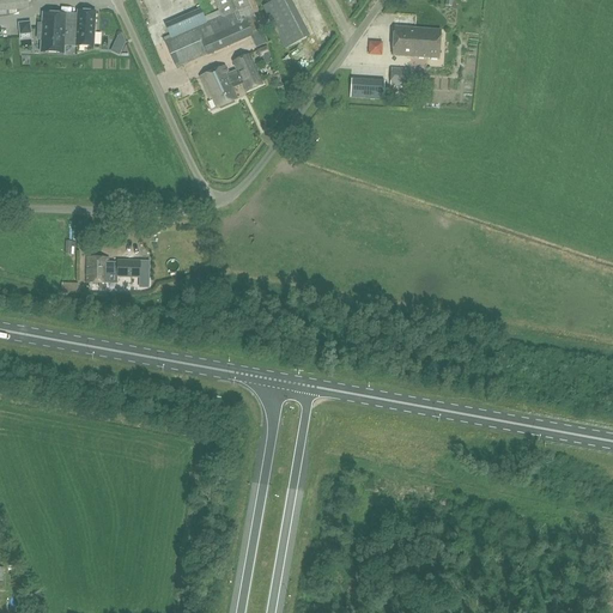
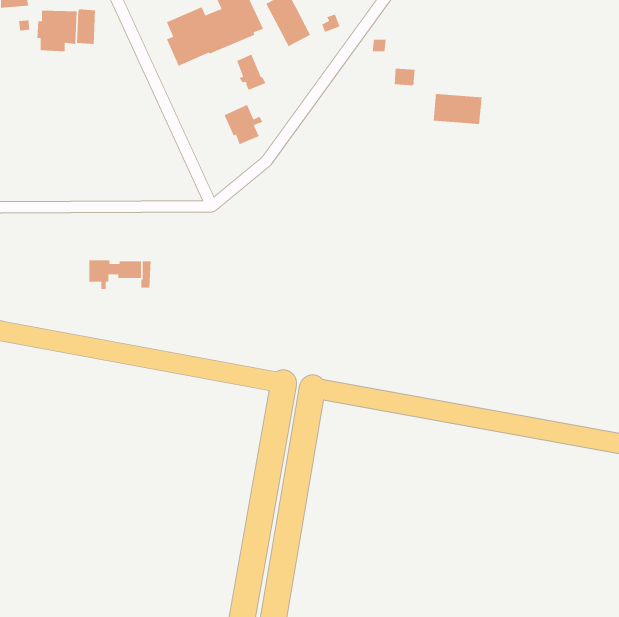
building: [392,25,441,56] -> [433,93,482,125]
building: [200,65,239,105] -> [223,104,263,145]
building: [350,77,384,97] -> none

